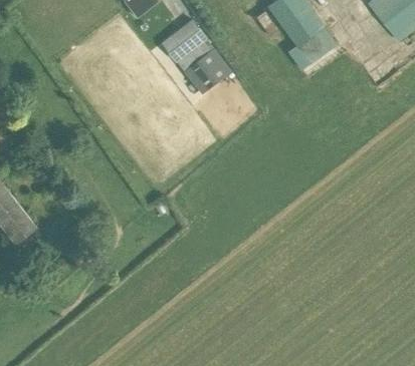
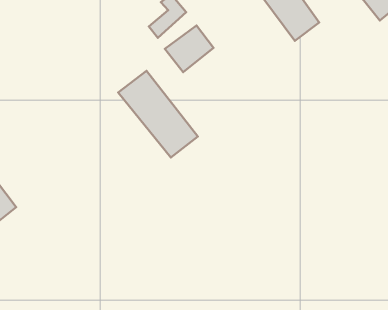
building: none -> [118,71,198,157]

